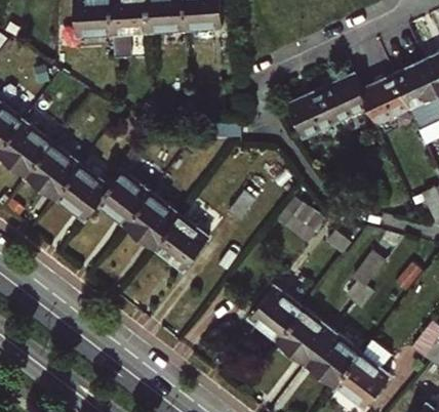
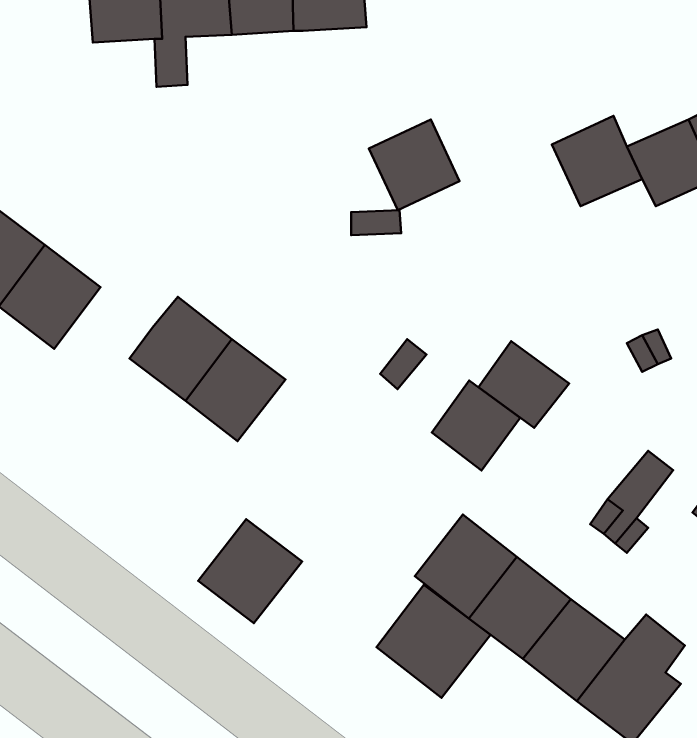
building: [287,90,335,138] -> [369,120,460,210]
building: [55,166,108,220] -> none
building: [153,215,208,271] -> [198,519,302,623]
building: none -> [432,380,520,471]
building: none -> [377,585,491,698]

